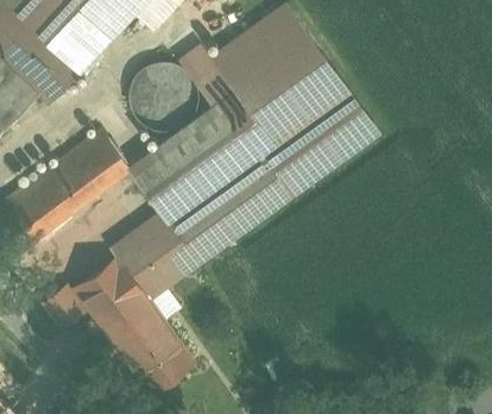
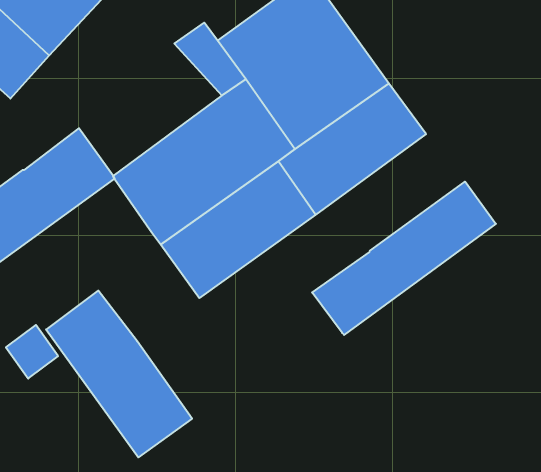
building: [131,62,198,131] -> none
building: none -> [312,182,496,335]
building: [112,213,200,300] -> none

